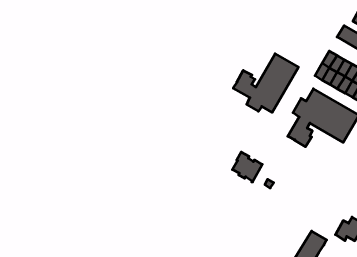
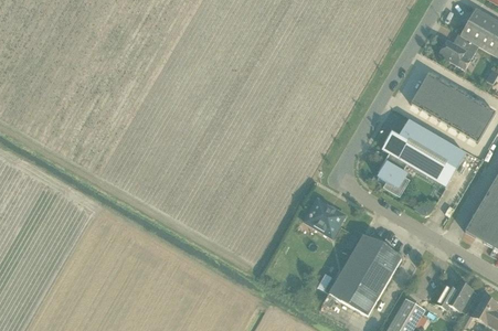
building: [233,54,298,112] -> none
building: none -> [317,234,403,314]

